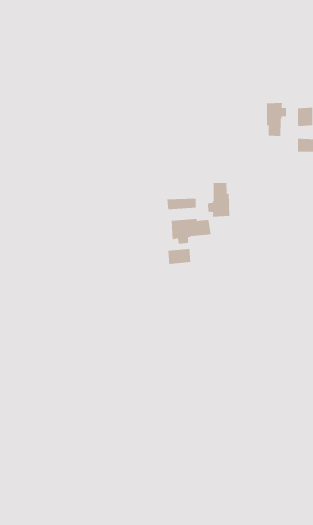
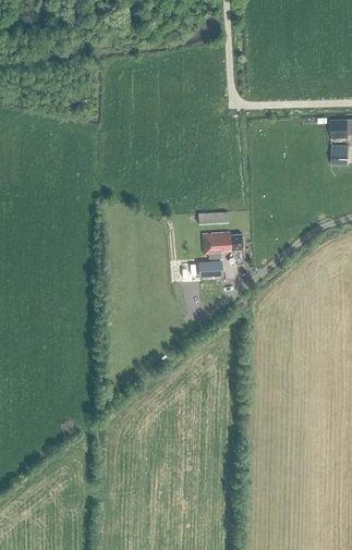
building: [266,102,287,137] -> none
building: [208,182,230,217] -> none

